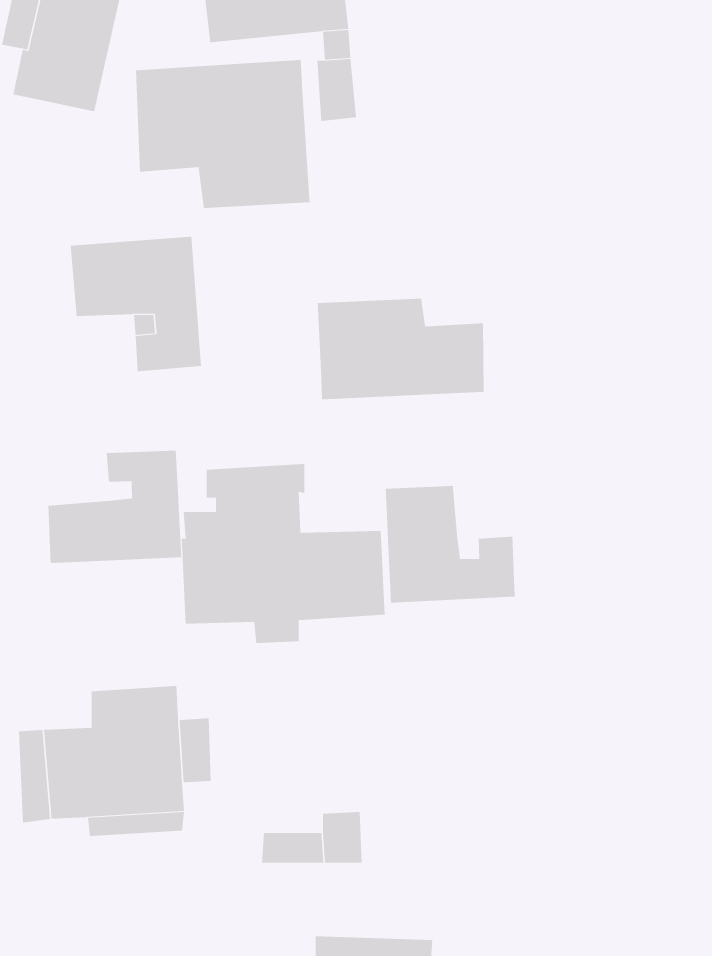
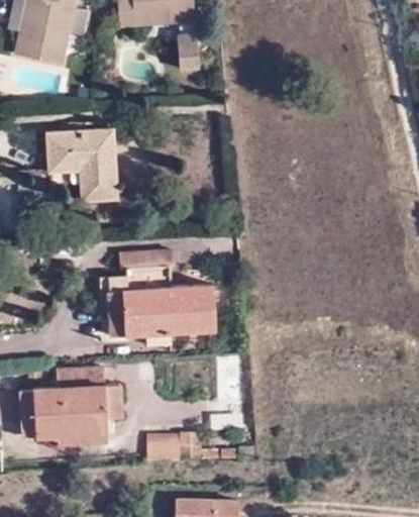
building: [136,59,310,209] -> none
building: [317,298,484,400] -> none
building: [48,450,182,564] -> none
building: [385,485,515,603] -> none

